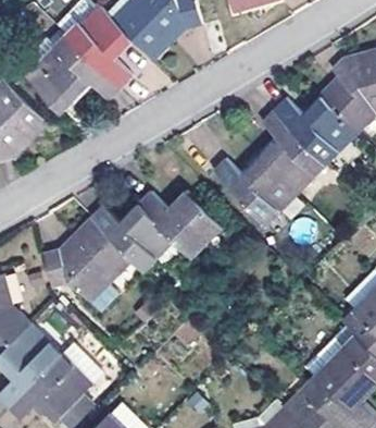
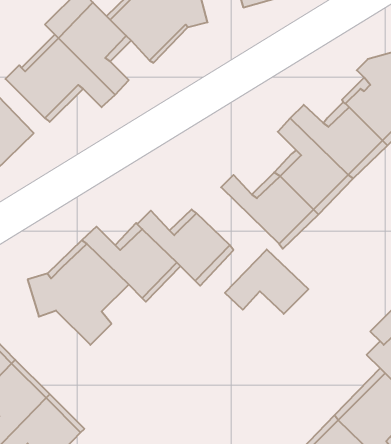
building: none -> [225,249,308,314]

